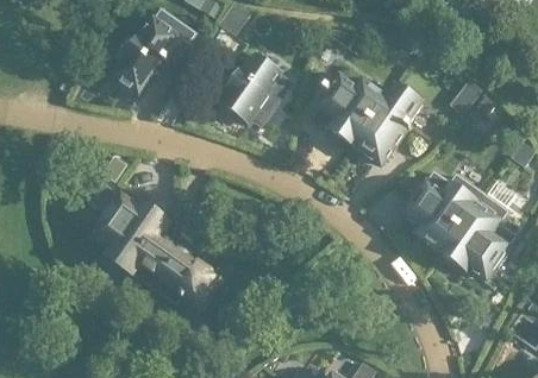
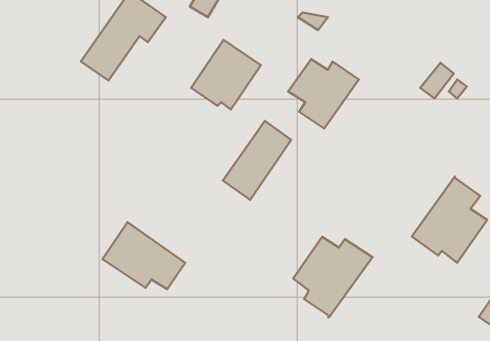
building: [354,84,421,163] -> [223,121,291,200]
building: [405,171,483,251] -> [293,237,372,317]
building: [95,195,168,273] -> none

